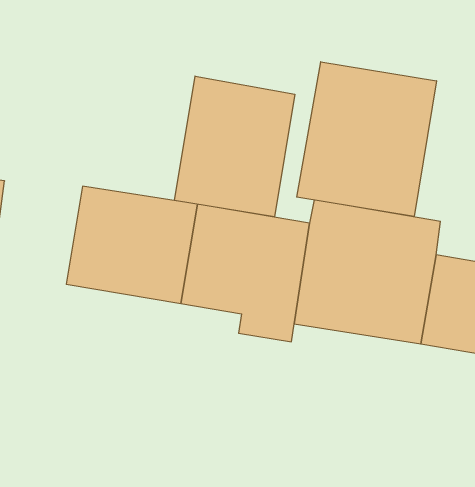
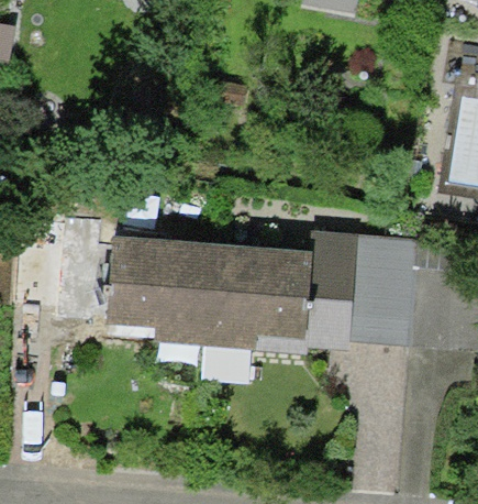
building: [297,62,436,216] -> none
building: [175,76,295,217] -> none

